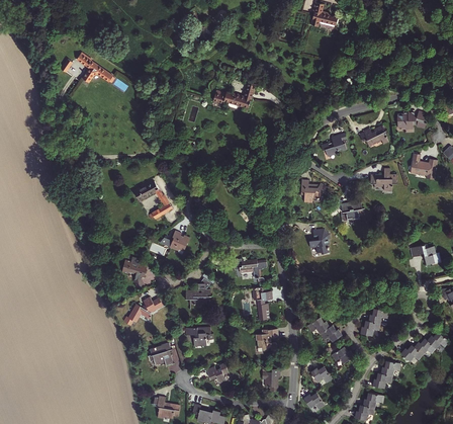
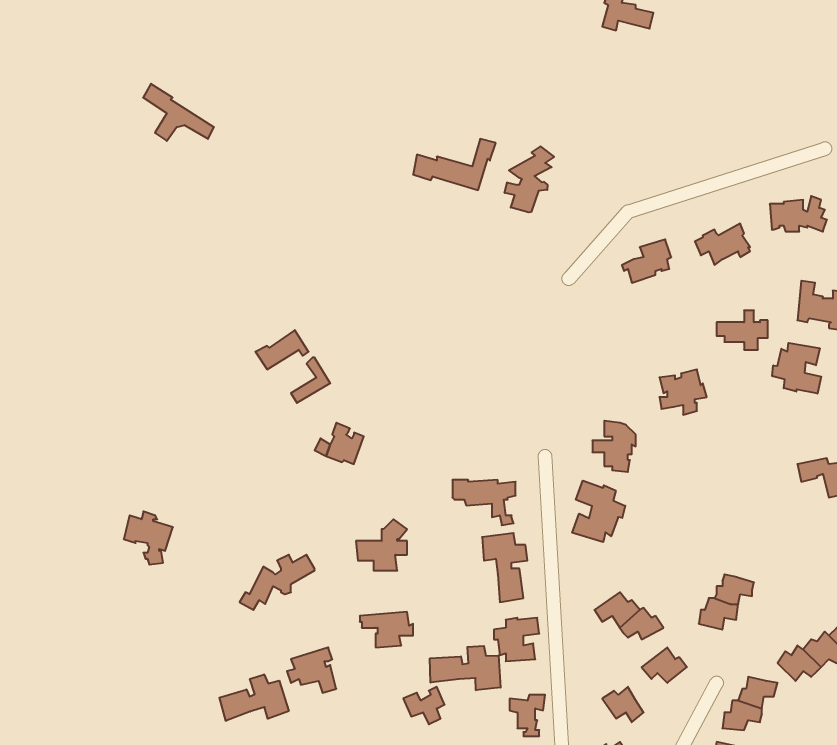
building: none -> [505,146,554,212]
building: [300,180,327,202] -> none
building: none -> [772,343,821,394]
building: [122,257,148,284] -> [124,511,173,565]
building: none -> [572,481,625,542]
building: none -> [430,646,501,690]
building: none -> [219,674,289,721]

